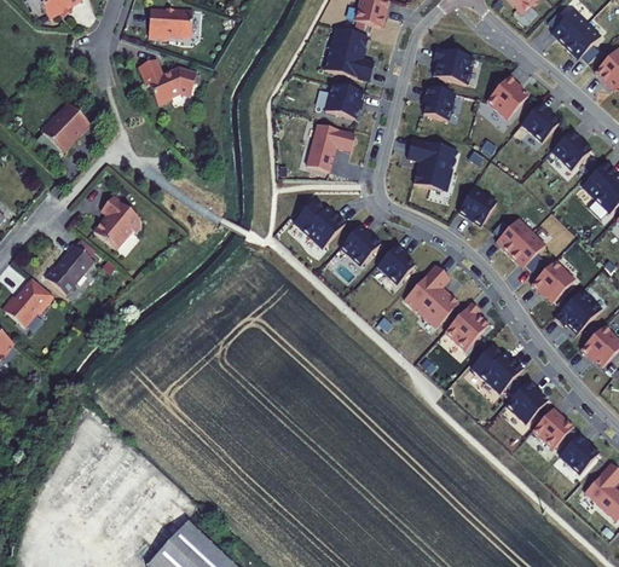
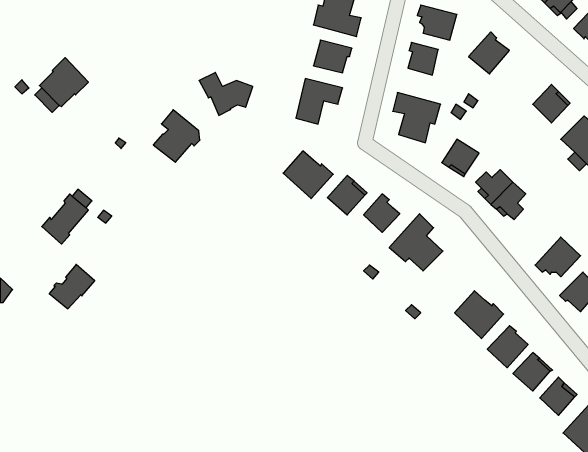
building: [139,58,195,103] -> [199,72,253,115]
building: [521,102,559,141] -> none
building: [93,195,141,249] -> [153,110,200,162]
building: [532,259,574,301] -> none
building: [6,280,53,326] -> [49,264,95,309]
building: [445,301,485,349] -> none

